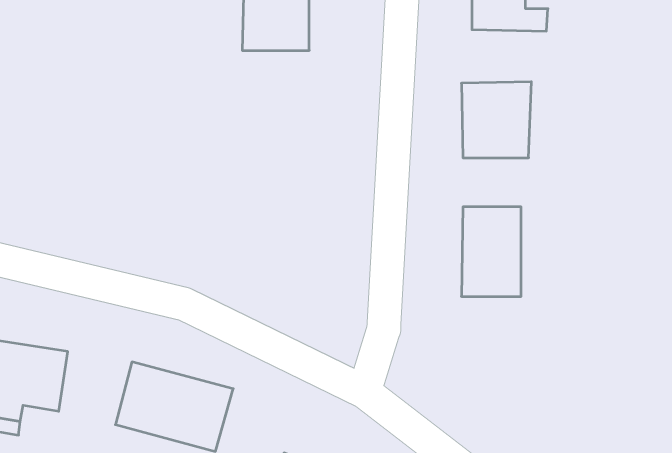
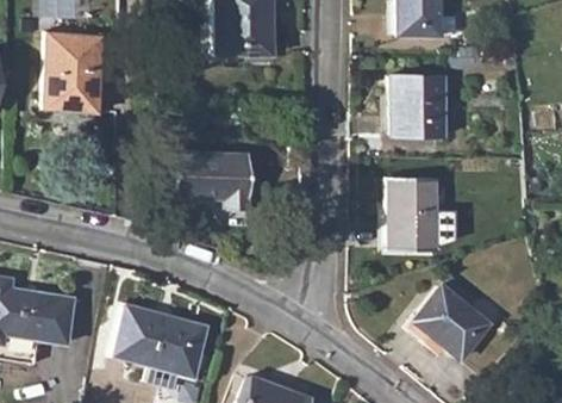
building: none -> [45,32,105,112]
building: none -> [176,150,250,207]
building: none -> [412,286,486,360]

